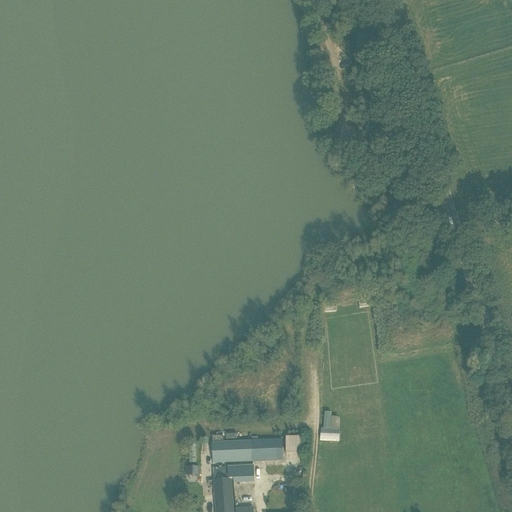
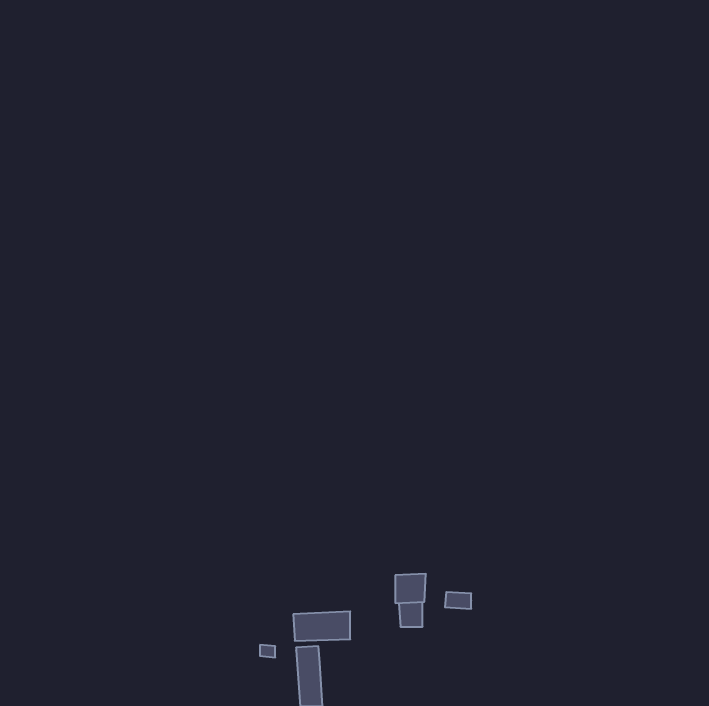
building: [253,439,275,460] -> [395,574,426,603]
building: [230,464,255,481] -> none

